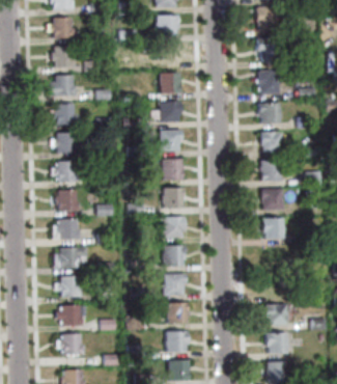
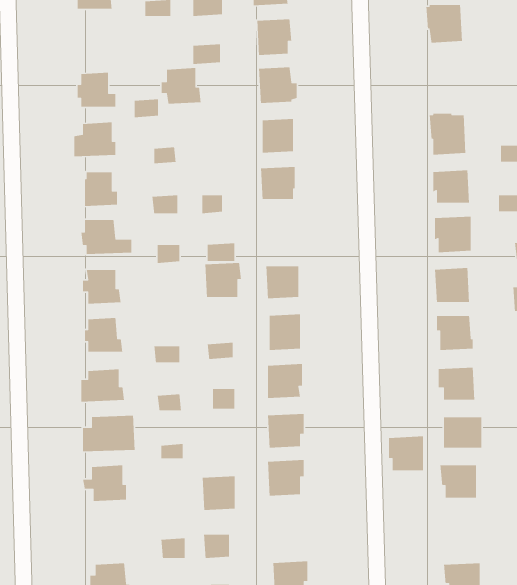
building: [50,17,74,38] -> [161,67,202,105]
building: [256,38,278,61] -> none
building: [159,129,180,149] -> [204,262,242,298]
building: [167,303,187,324] -> [202,475,236,511]
building: [265,303,286,324] -> [388,436,424,471]
building: [57,304,86,325] -> none

